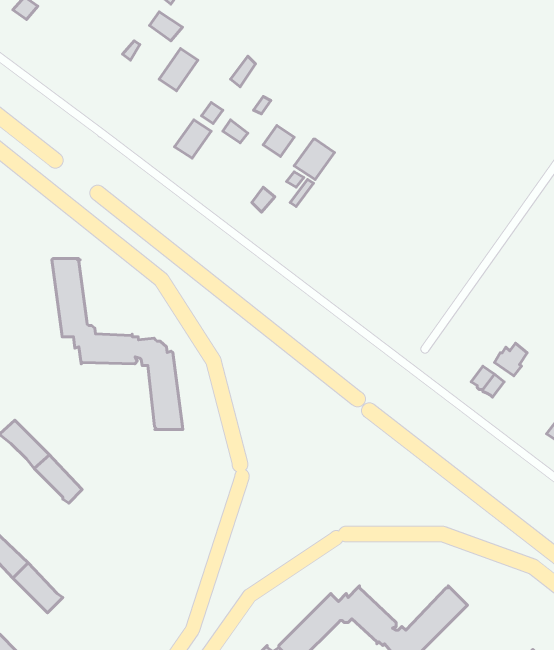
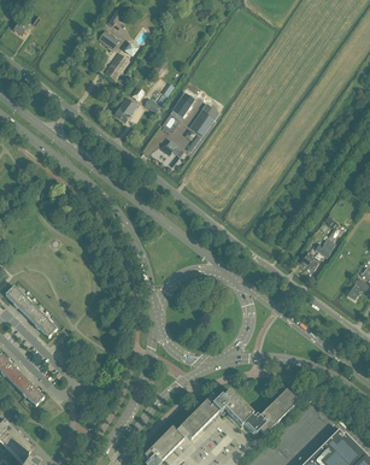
building: [52,258,183,429] -> none

